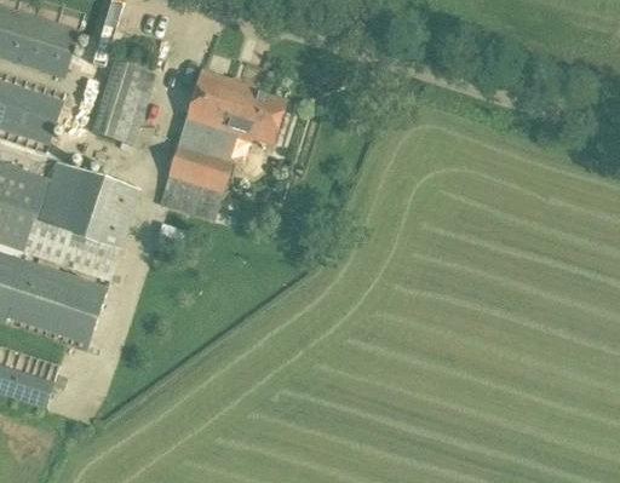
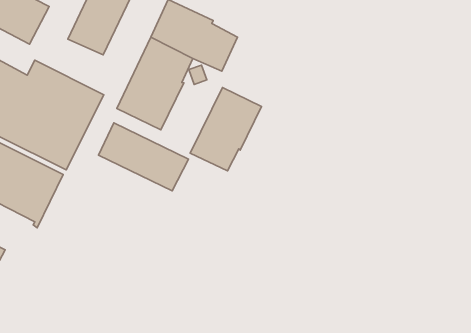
building: none -> [190,88,261,171]
building: none -> [98,123,189,191]

